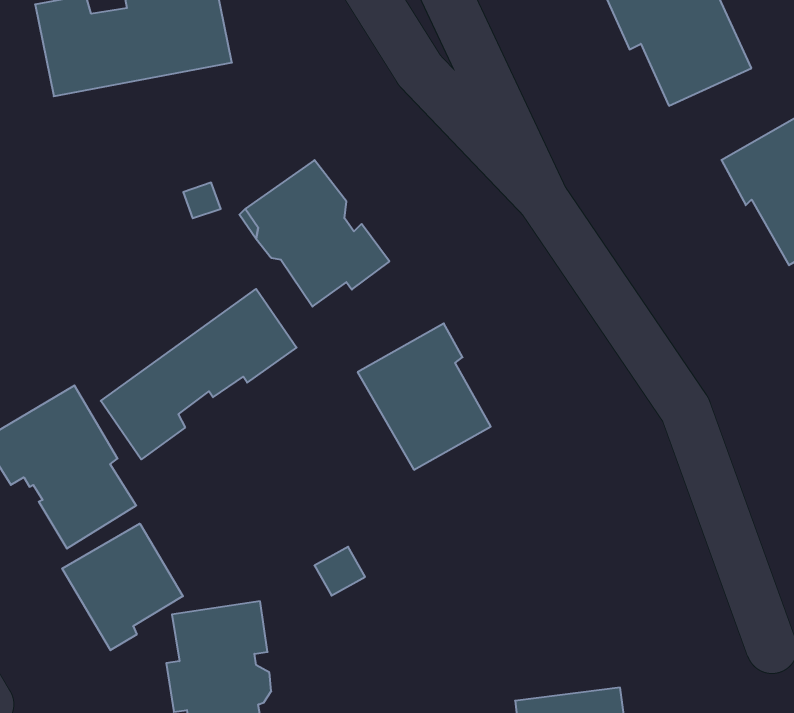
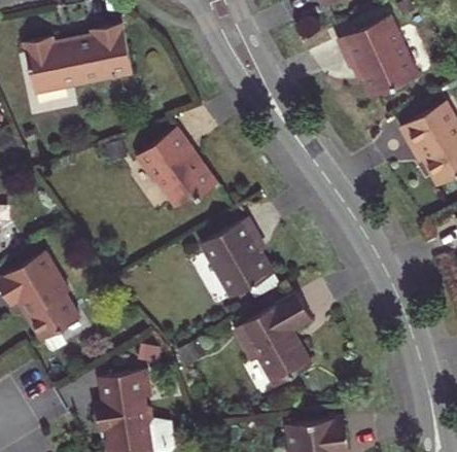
building: [101,289,297,459] -> none
building: none -> [235,293,311,386]
building: [62,524,183,650] -> none

